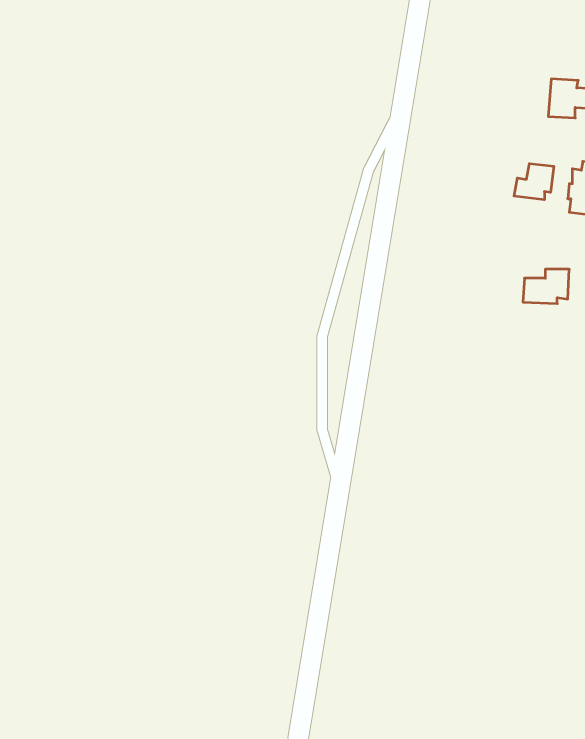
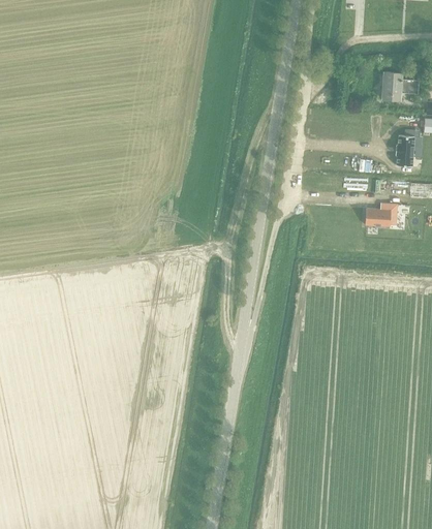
building: [514,164,554,200] -> none

